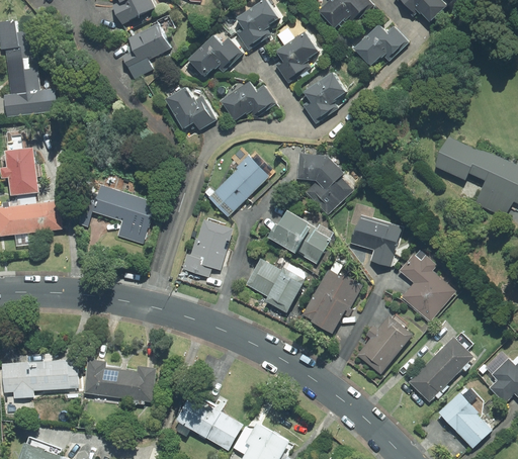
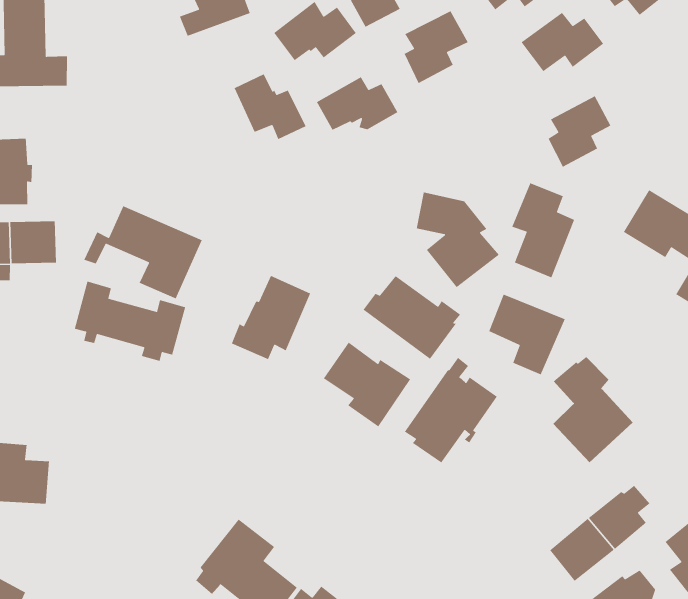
building: [303,73,344,123] -> [548,95,611,168]
building: none -> [511,182,575,279]
building: [204,148,274,217] -> none
building: [356,315,411,374] -> none
building: [86,358,159,406] -> [74,280,186,362]

